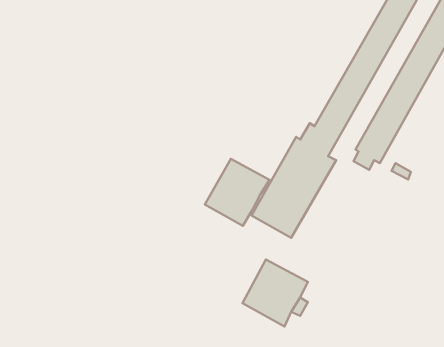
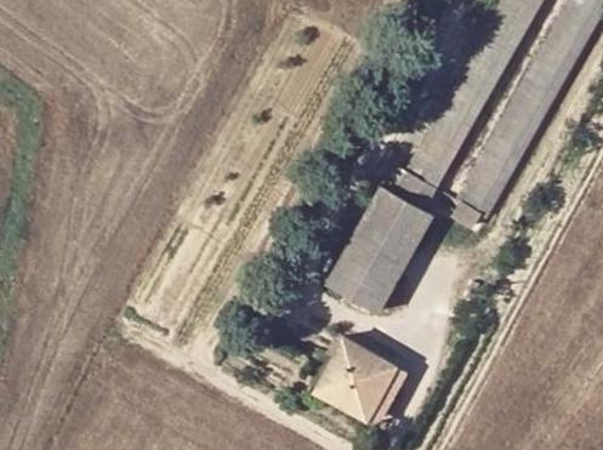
building: [205,159,269,226] -> none

